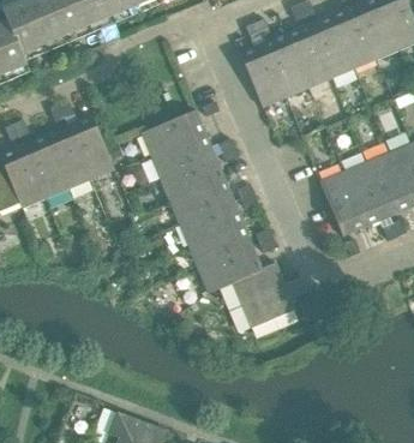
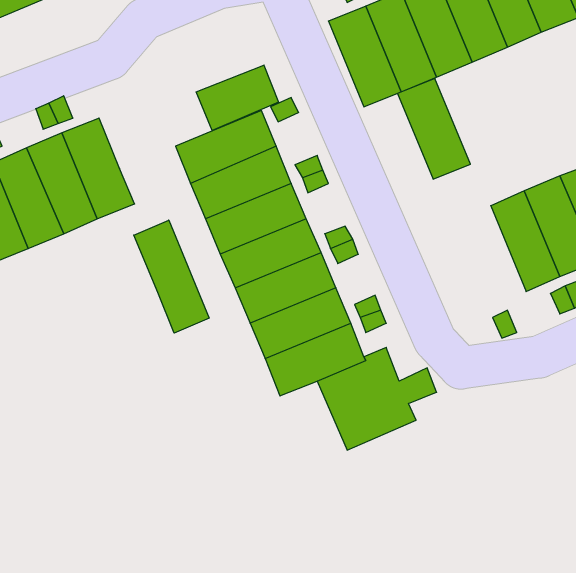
building: none -> [196,65,279,130]
building: [319,170,366,235] -> [398,78,470,179]
building: none -> [134,220,209,333]

